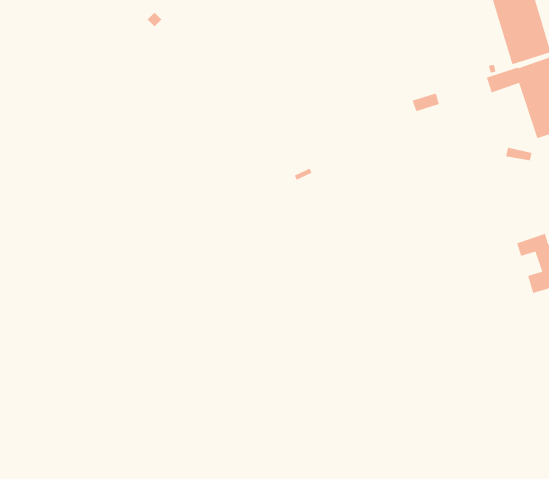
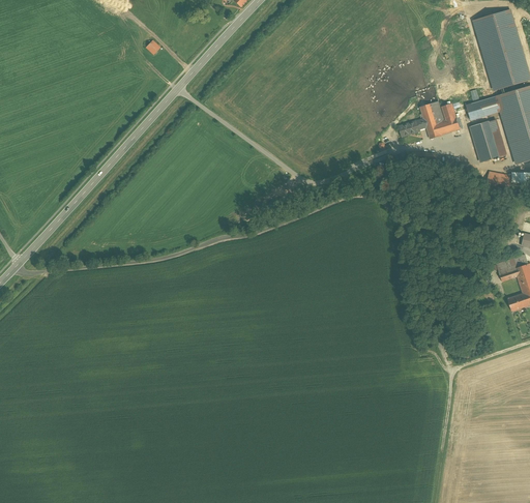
building: none -> [419,100,462,138]
building: none -> [471,121,501,161]

